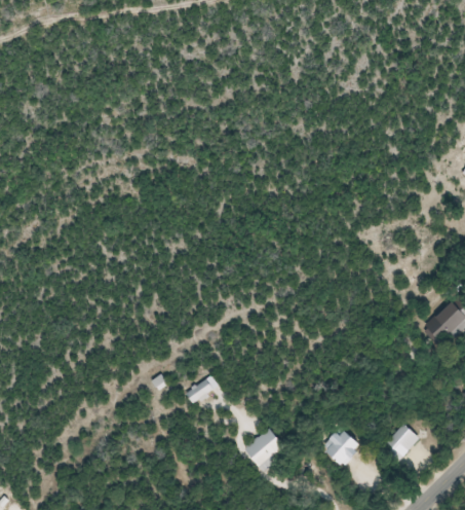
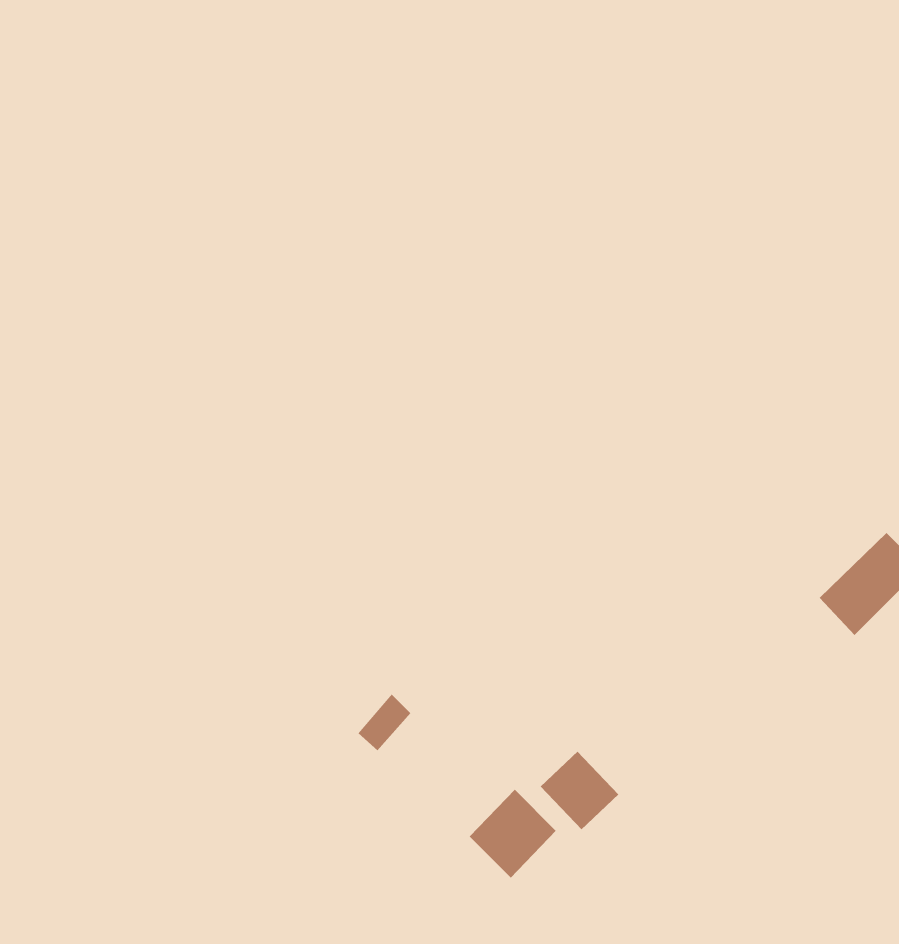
building: [384,423,419,461] -> none
building: [320,425,361,466] -> [540,751,619,830]

